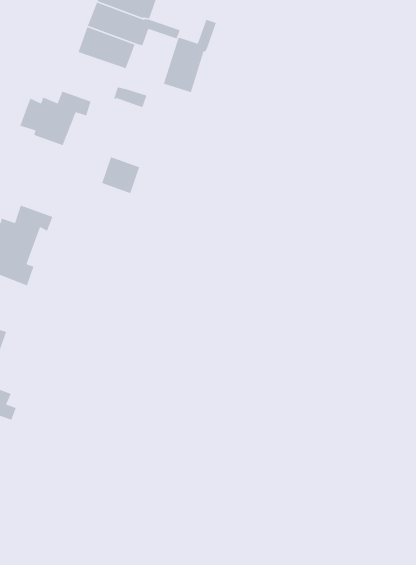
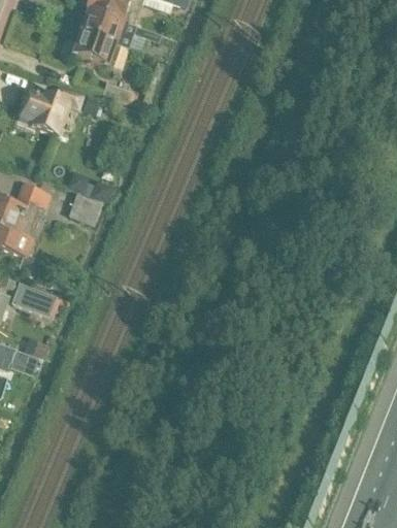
building: [163,19,217,93] -> none
building: [101,156,140,194] -> [67,192,101,225]
building: none -> [9,279,57,317]

